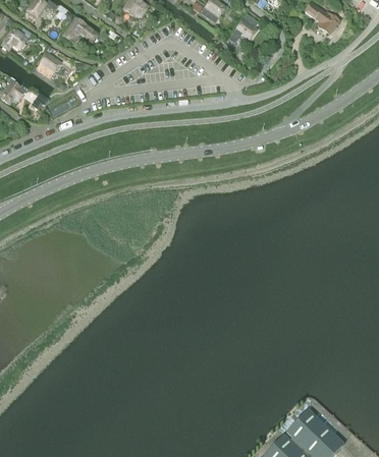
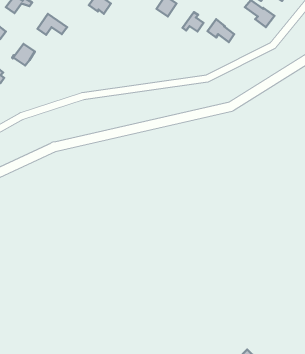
building: none -> [208,19,234,42]

